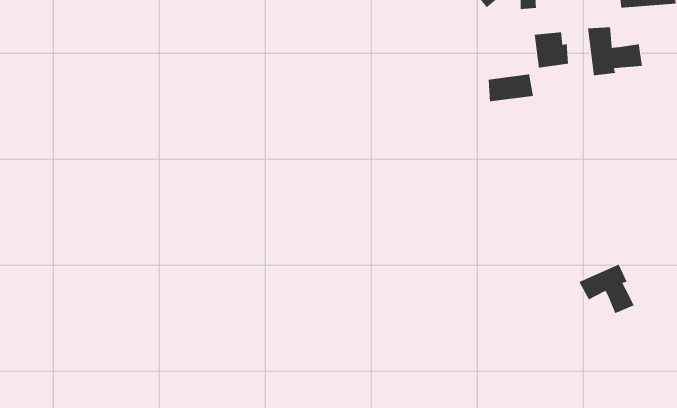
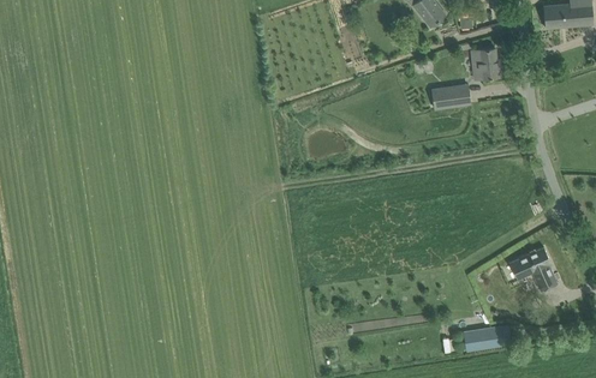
building: [587,27,643,76] -> none
building: none -> [464,325,512,352]

